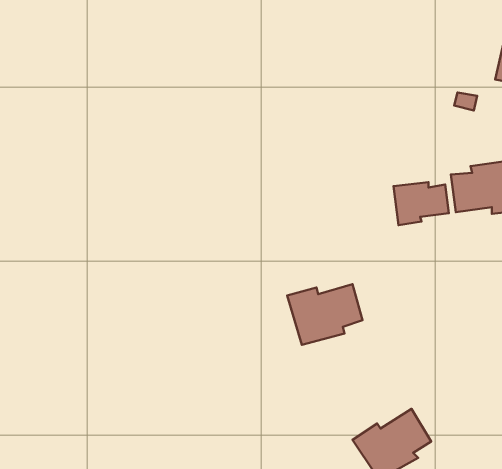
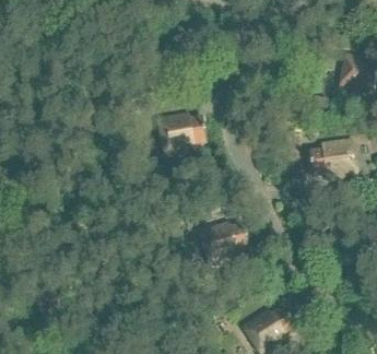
building: none -> [157,115,207,152]
building: [393,182,449,225] -> none

